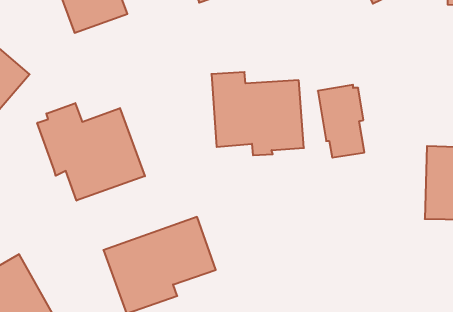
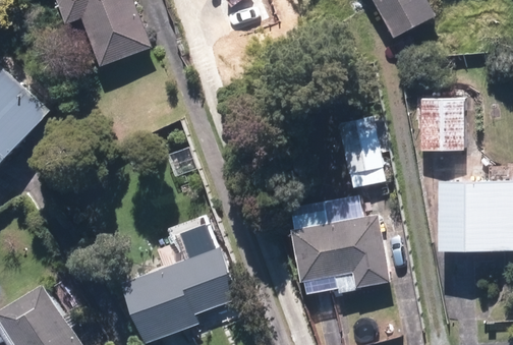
building: none -> [416,98,460,152]
building: [211,72,304,155] -> [294,209,385,290]
building: [37,103,145,201] -> none

